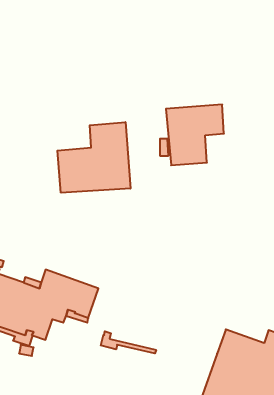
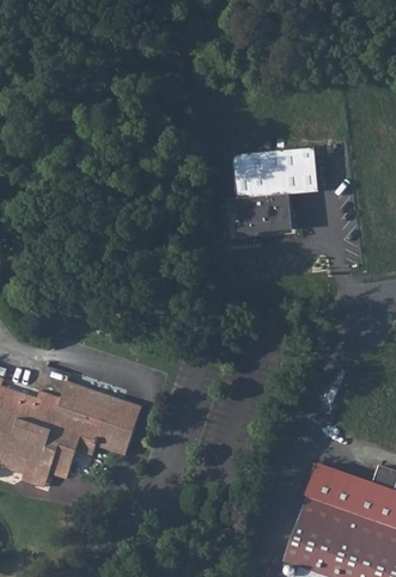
building: [57,122,130,193] -> none
building: [101,331,156,353] -> none

